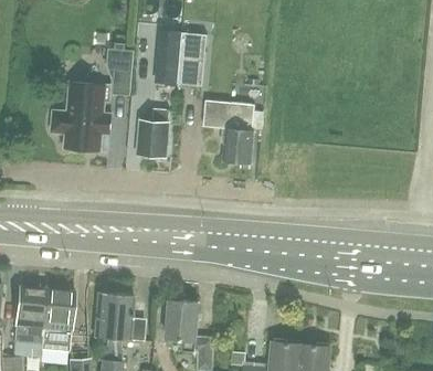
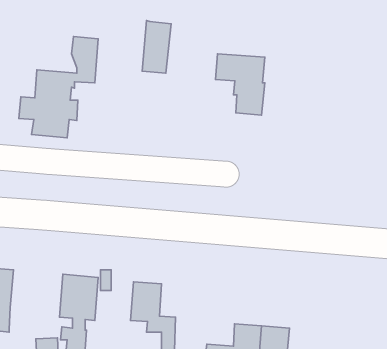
building: [156,30,181,84] -> none
building: [202,100,253,163] -> [215,54,265,115]
building: [137,108,168,159] -> none
building: [41,287,73,350] -> none

